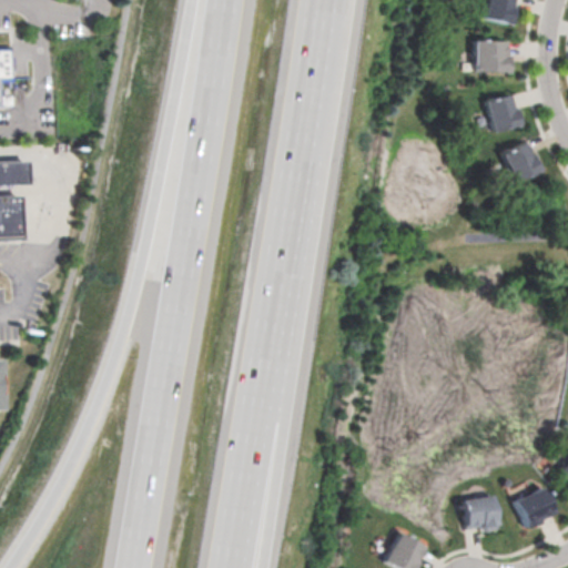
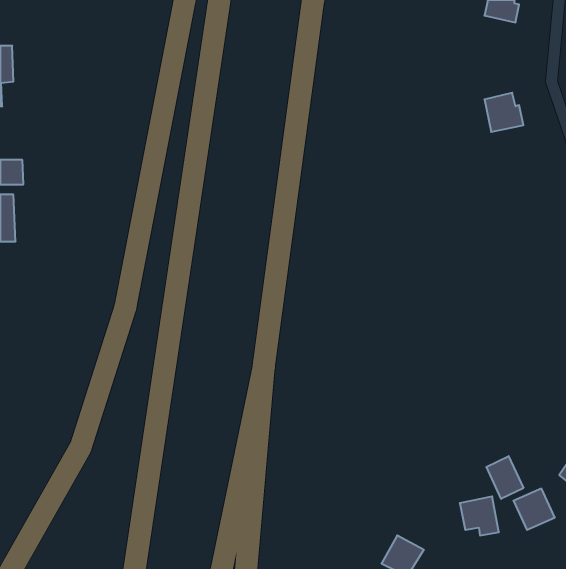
building: [476,40,510,72] -> none
building: [503,142,540,182] -> none
building: none -> [486,456,523,499]

